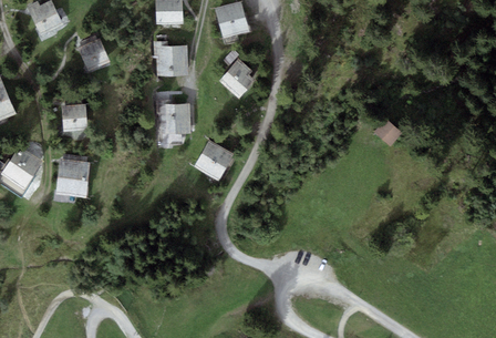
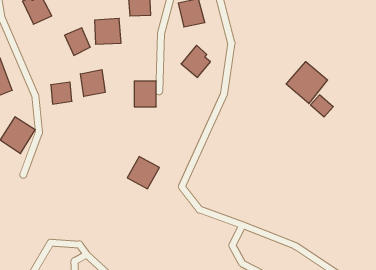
building: [158,43,190,74] -> [95,18,121,44]
building: none -> [286,62,328,104]
building: none -> [80,70,105,97]
building: [194,140,232,178] -> [127,157,159,189]
building: [56,158,89,197] -> none

